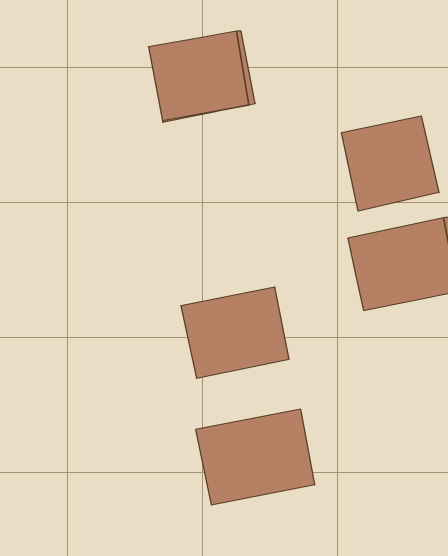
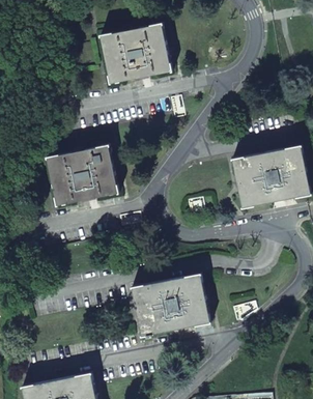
building: [342,116,439,211] -> none
building: [181,287,289,378] -> [47,144,118,204]

